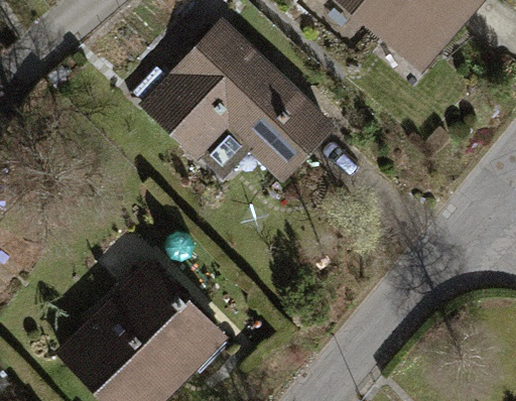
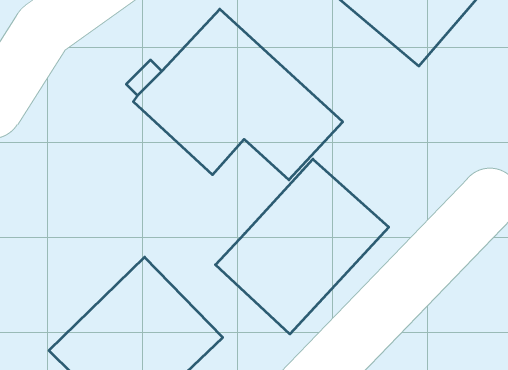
building: none -> [215,159,389,334]

